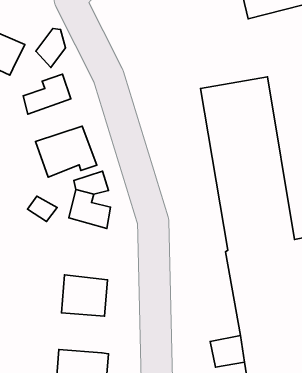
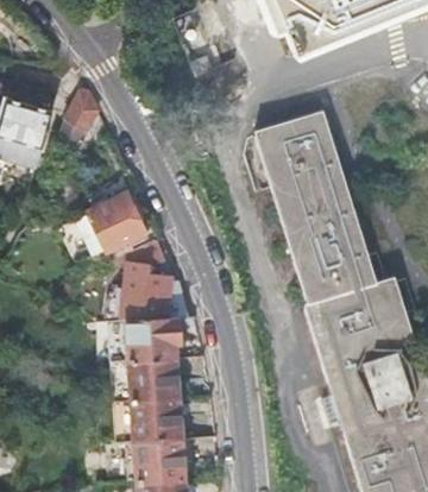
building: [23,74,71,114] -> none
building: none -> [128,314,183,355]
building: none -> [133,395,183,437]

